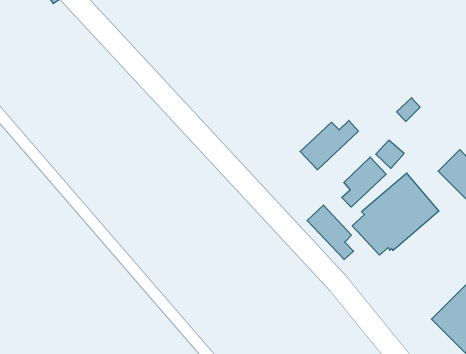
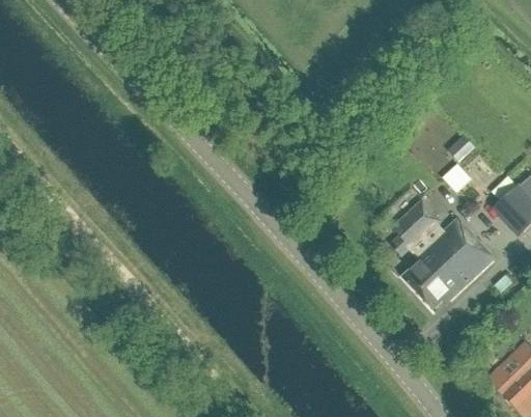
building: [300,120,358,170] -> none
building: [307,205,354,260] -> none

